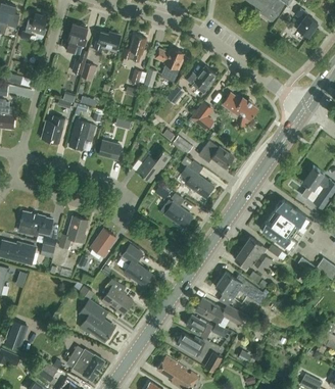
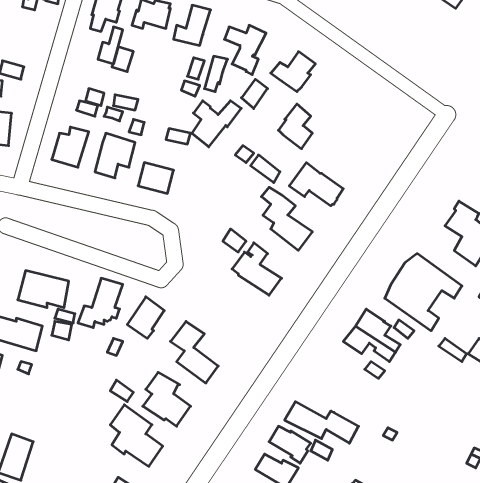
building: [222,94,257,118] -> none
building: [138,151,171,182] -> [192,101,241,147]
building: [214,272,269,304] -> none

